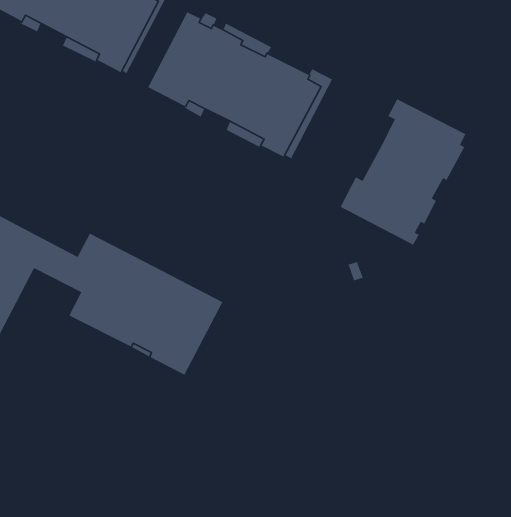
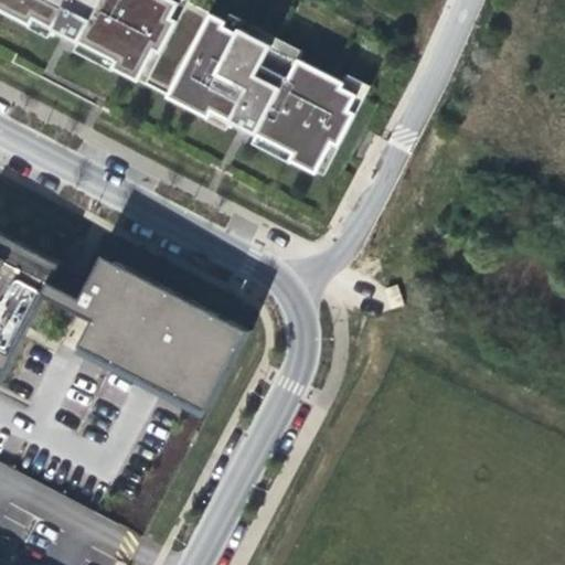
building: [340,98,467,246] -> none

